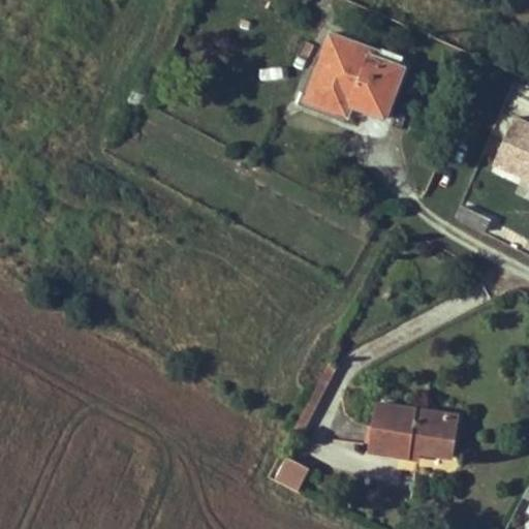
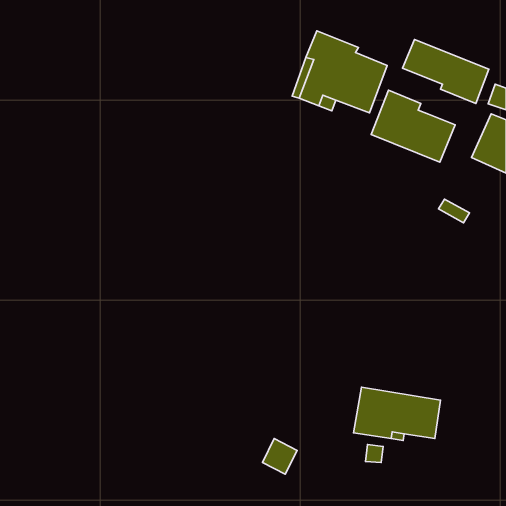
building: none -> [403,39,489,104]
building: none -> [371,90,455,162]

